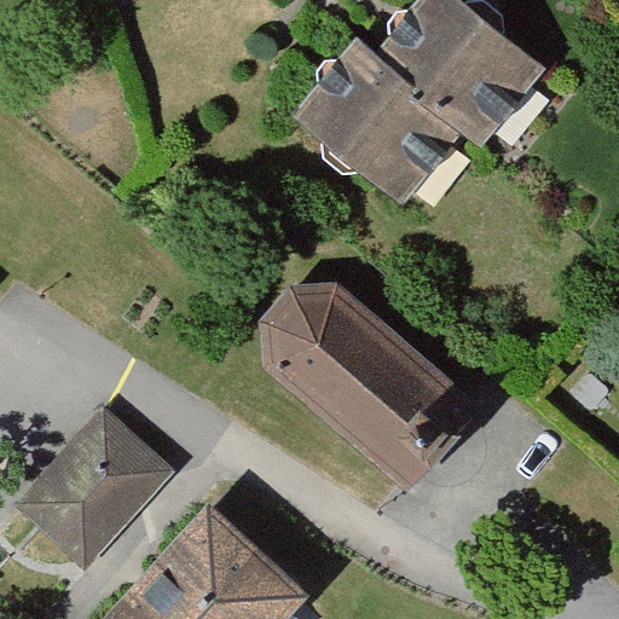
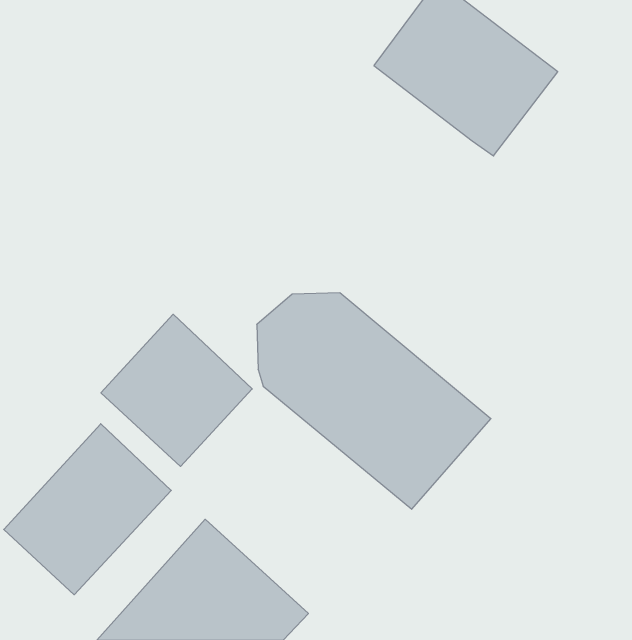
building: [290,46,464,209] -> none
building: none -> [101,314,252,466]

